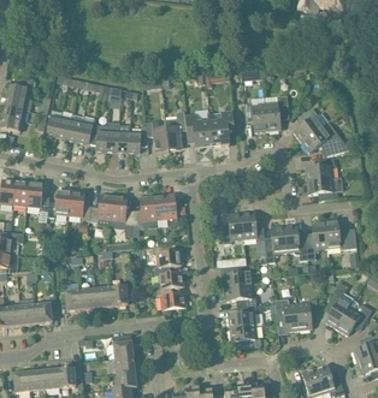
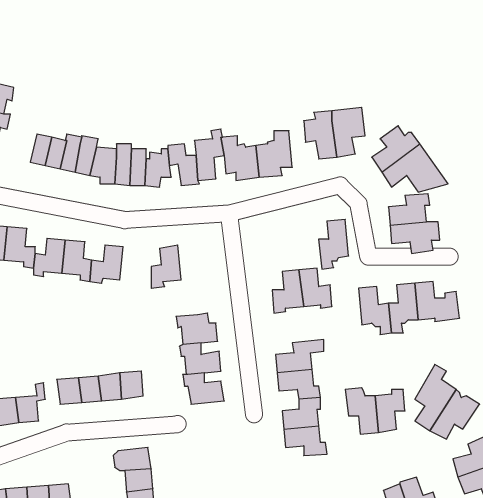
building: [153,192,177,221] -> none
building: [111,195,134,227] -> none
building: [265,225,287,261] -> [319,219,349,269]

